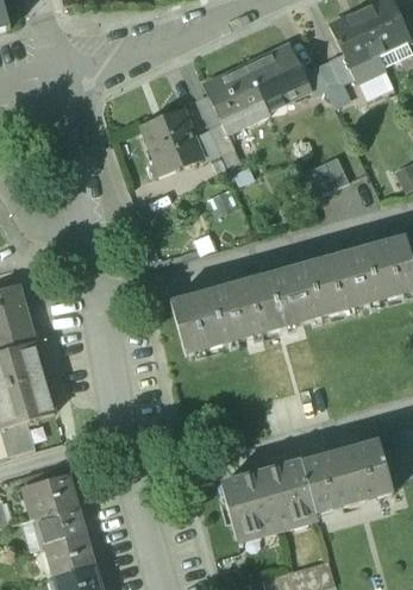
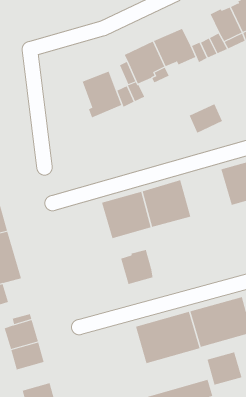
building: [287,252,361,322] -> none
building: none -> [121,249,153,285]
building: none -> [207,352,242,386]
building: [45,535,95,577] -> none

